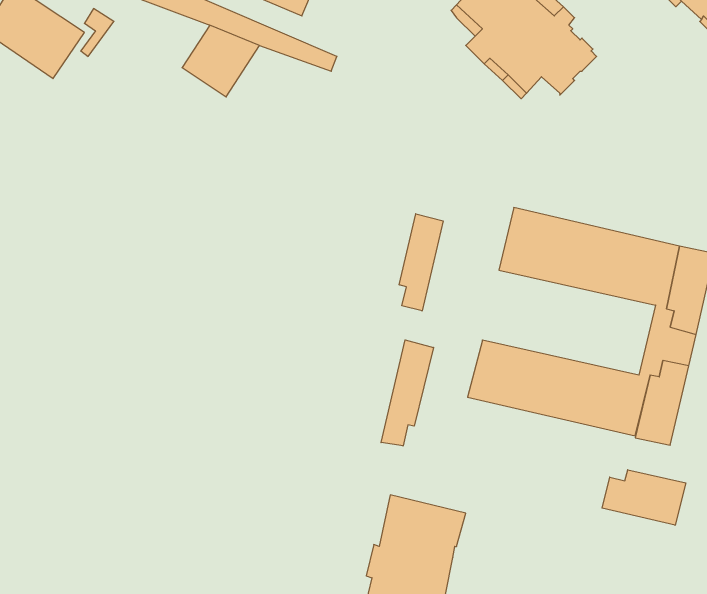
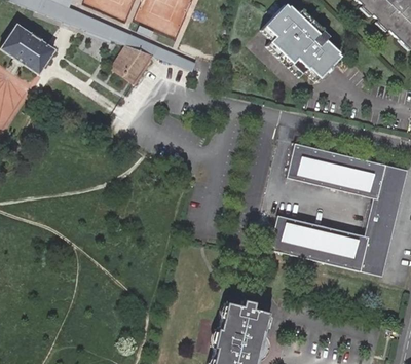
building: [399,214,443,311] -> none
building: [381,340,434,446] -> none
building: [602,470,686,525] -> none

